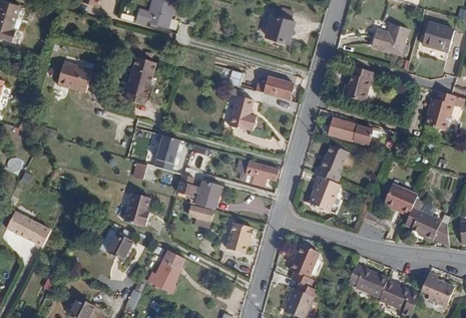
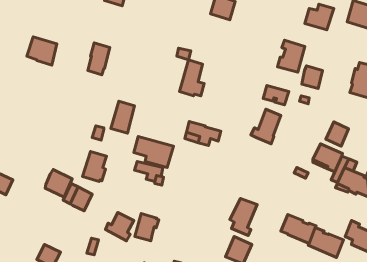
building: [258,77,294,99] -> none
building: none -> [302,66,323,89]
building: none -> [326,122,349,146]
building: [308,176,342,212] -> none
building: none -> [45,170,72,197]
building: [225,222,253,253] -> [135,214,159,241]

